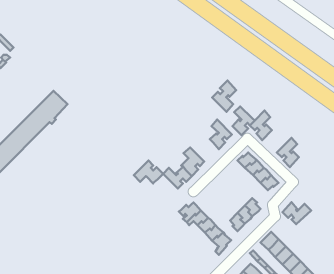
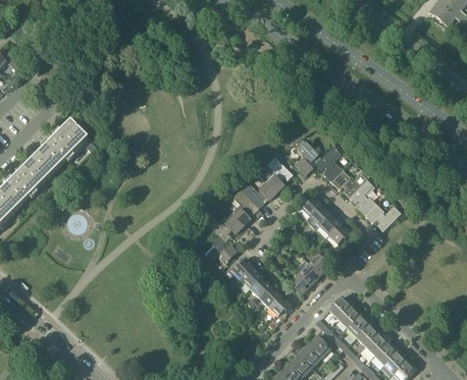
building: [212,81,236,112] -> none
building: none -> [330,170,367,198]
building: none -> [241,181,276,209]
building: [134,161,163,184] -> [201,236,238,265]
building: [282,202,311,224] -> [365,204,401,231]

